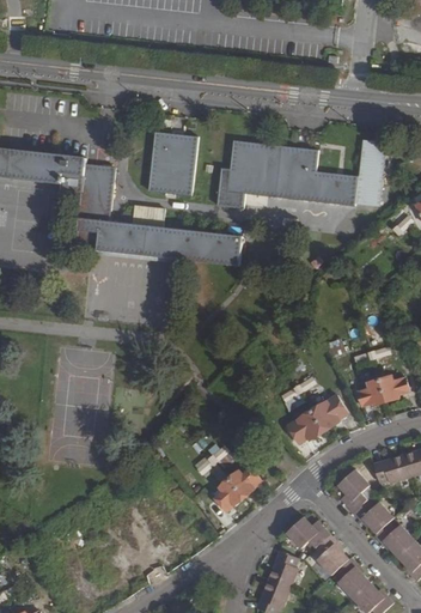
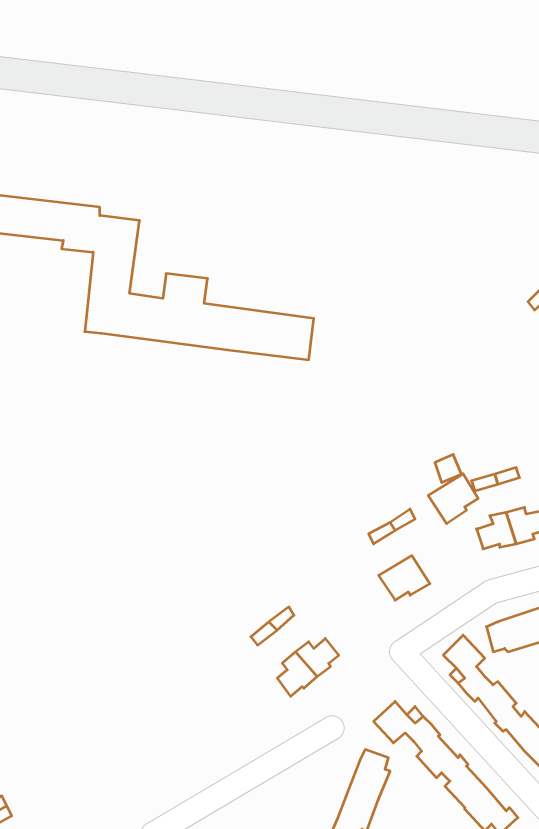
building: [150,133,199,196] -> none
building: [216,142,384,211] -> none
building: [312,394,348,430] -> [428,474,478,524]

